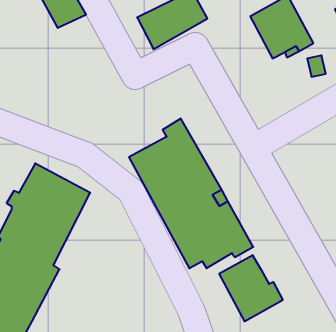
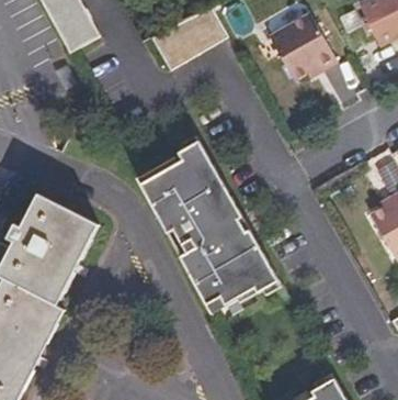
building: [219,255,283,321] -> none

